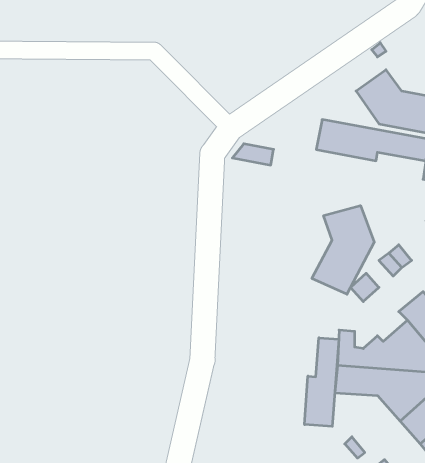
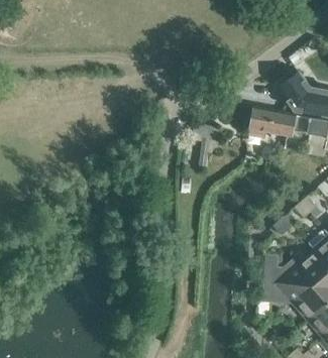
building: [312,206,374,294] -> none
building: [305,338,339,426] -> none

